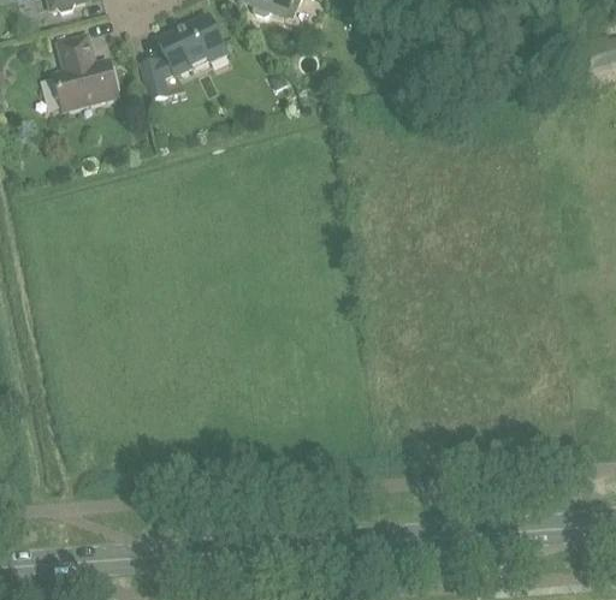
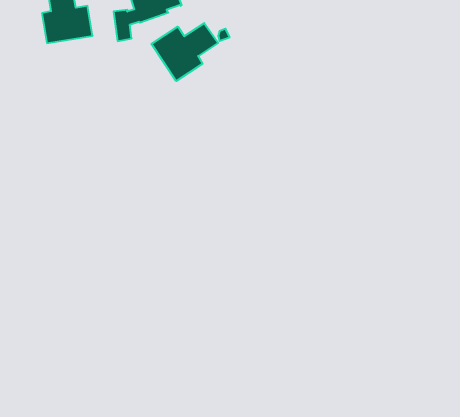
building: none -> [152,23,218,81]

